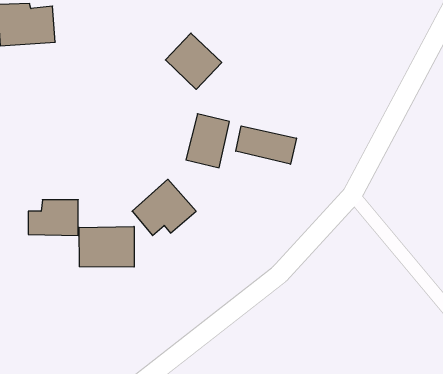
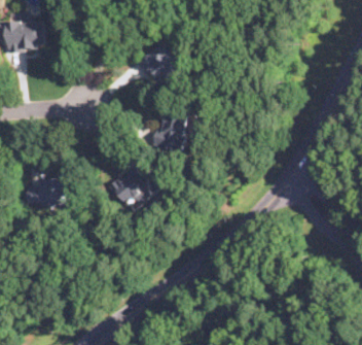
building: [236,126,296,164] -> none
building: [79,226,134,267] -> none

